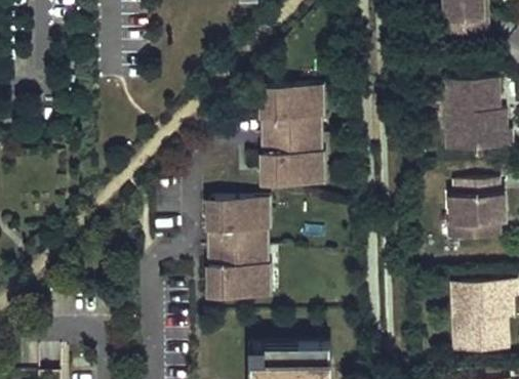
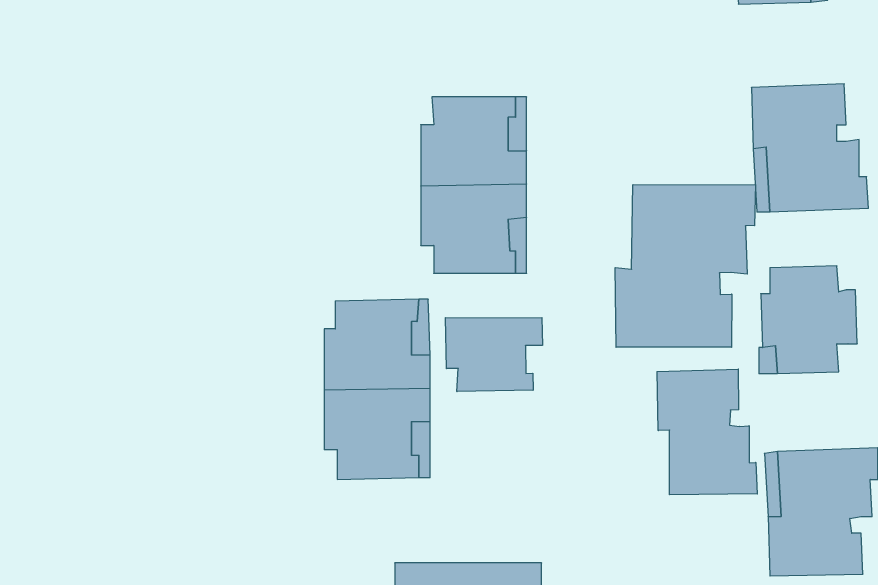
building: none -> [615,184,755,347]
building: none -> [445,318,542,392]
building: none -> [657,369,757,495]

